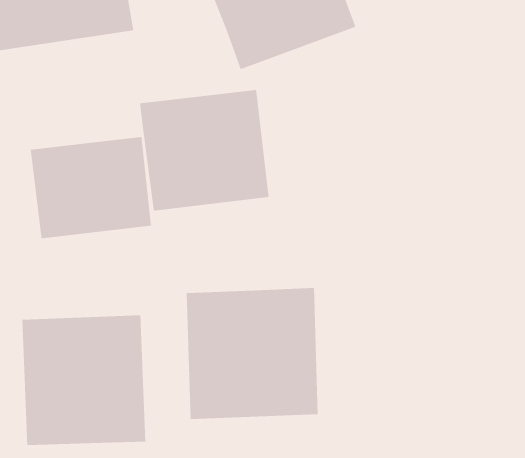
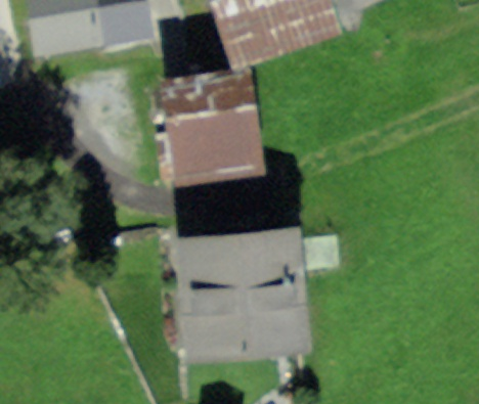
building: [30,136,152,239] -> none
building: [22,314,146,446] -> none

